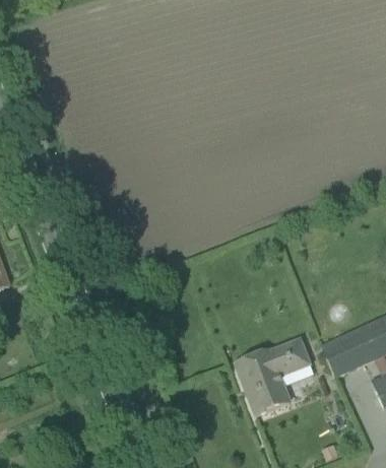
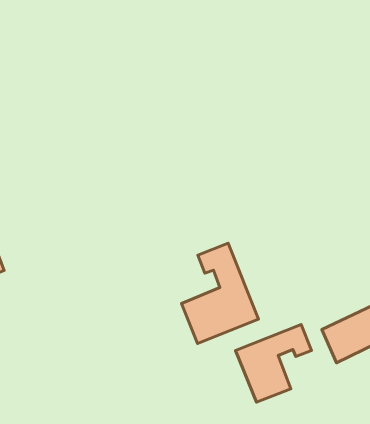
building: none -> [181,243,259,343]

